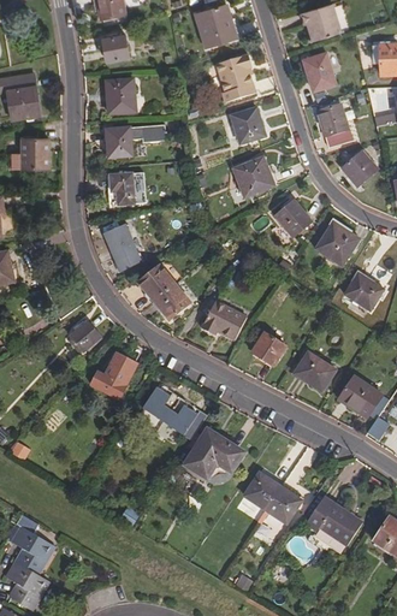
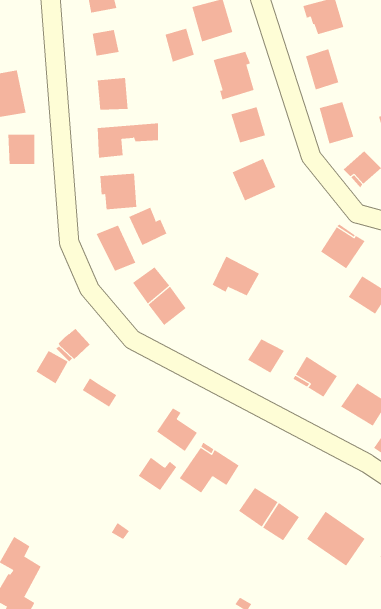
building: none -> [165,28,195,62]
building: [275,201,312,237] -> none
building: none -> [128,207,167,246]
building: [200,300,245,338] -> [212,256,260,296]
building: [105,353,136,385] -> [36,350,68,384]
building: [140,387,177,420] -> [138,457,177,491]

